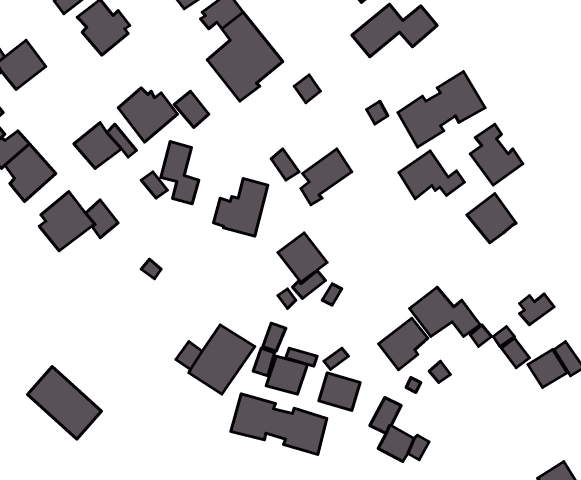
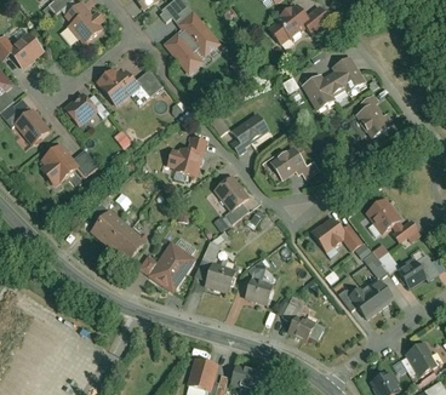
building: [161,142,199,204] -> none
building: [399,151,465,199] -> [270,144,319,179]
building: [467,194,516,243] -> [365,196,401,233]
building: [379,318,428,370] -> none
building: [27,367,101,439] -> [90,208,144,262]
building: none -> [349,280,393,317]
building: [231,394,327,454] -> none

